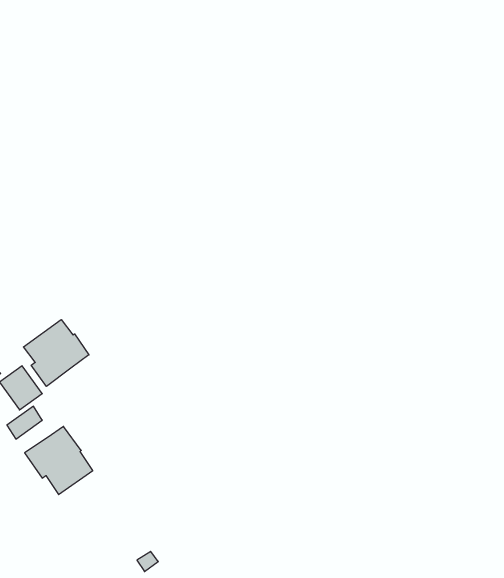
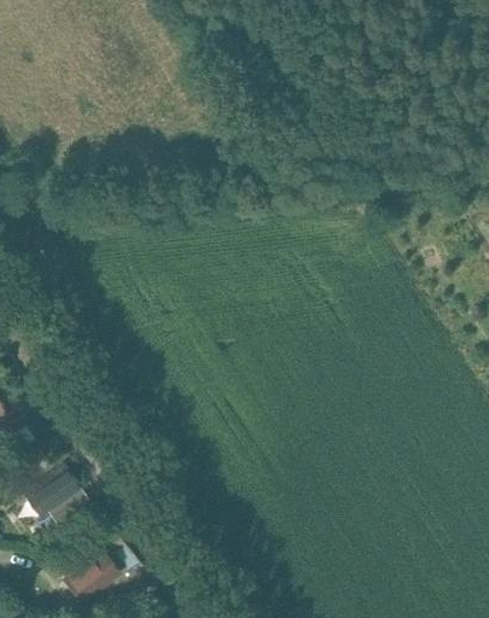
building: [23,320,89,386] -> none
building: none -> [62,552,116,604]

